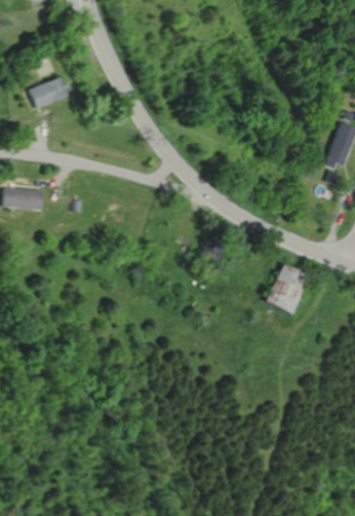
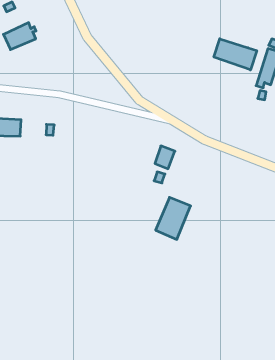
building: none -> [214,39,257,70]
building: [264,262,307,312] -> [156,197,191,239]

